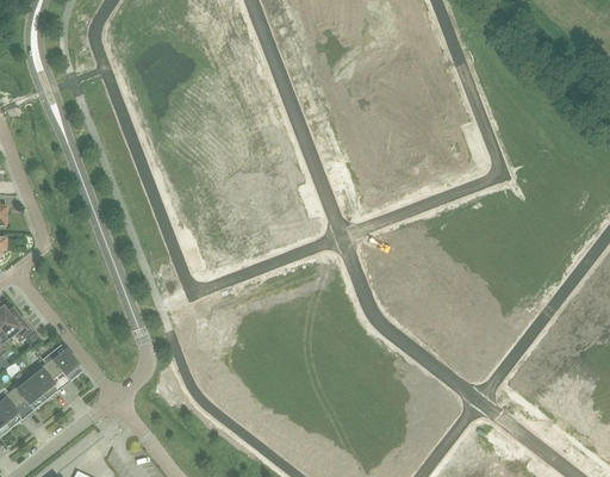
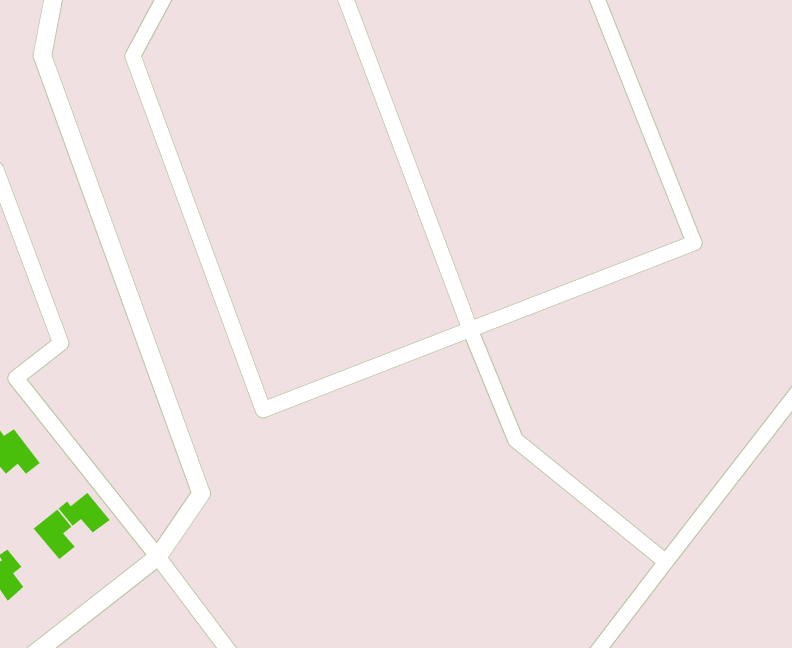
building: [8,378,45,411] -> none

